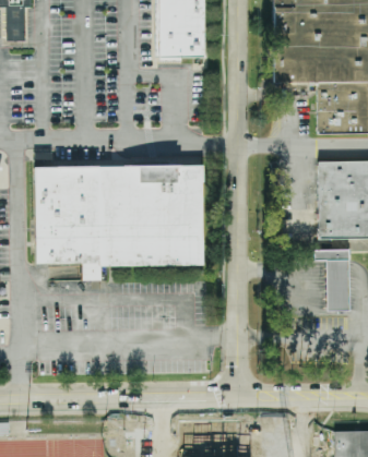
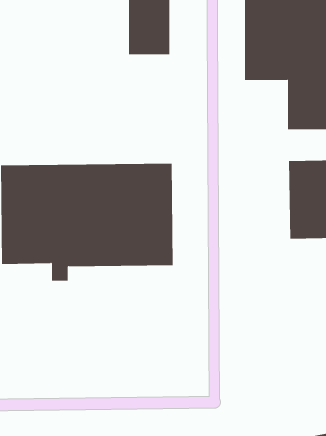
building: [311,250,349,312] -> none

